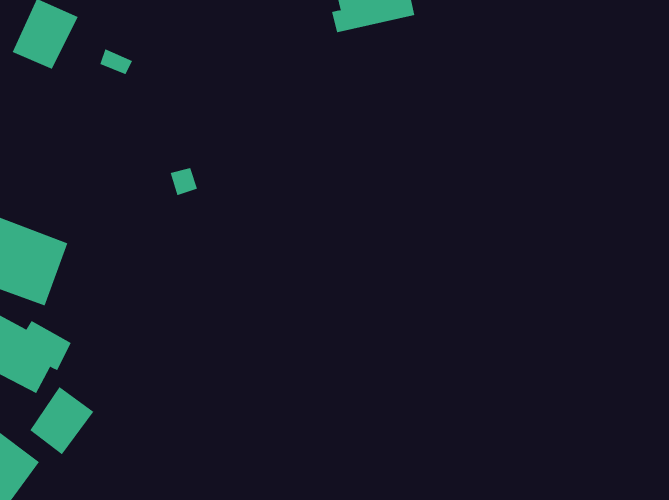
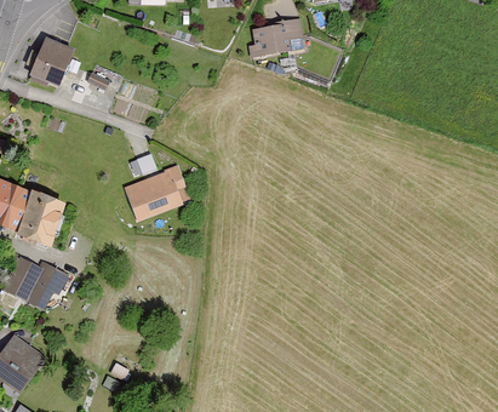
building: none -> [125,165,187,221]
building: [29,386,94,455] -> none

